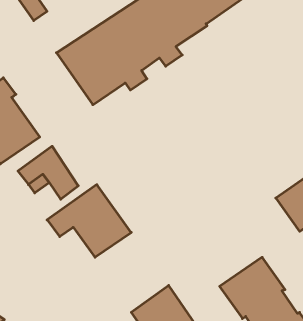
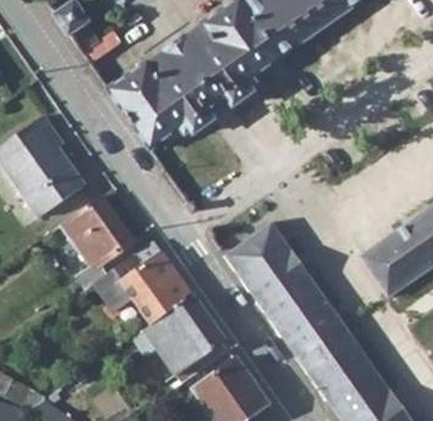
building: none -> [224,222,346,359]
building: none -> [145,297,226,376]

